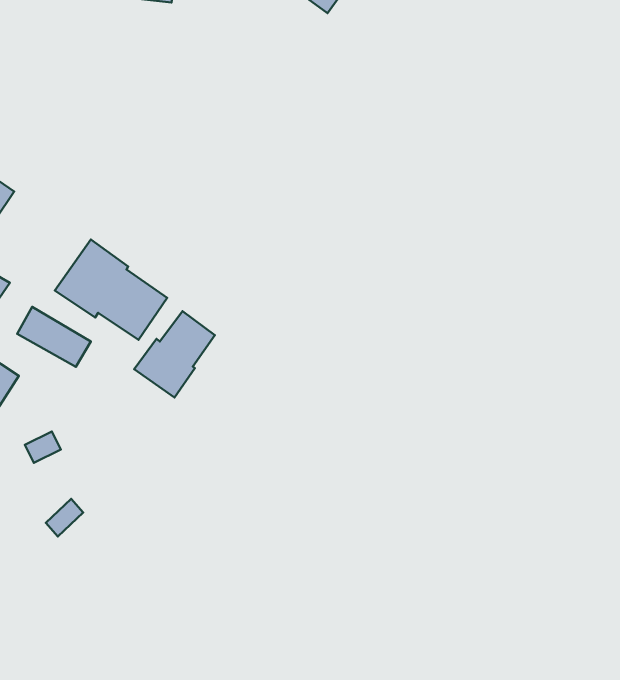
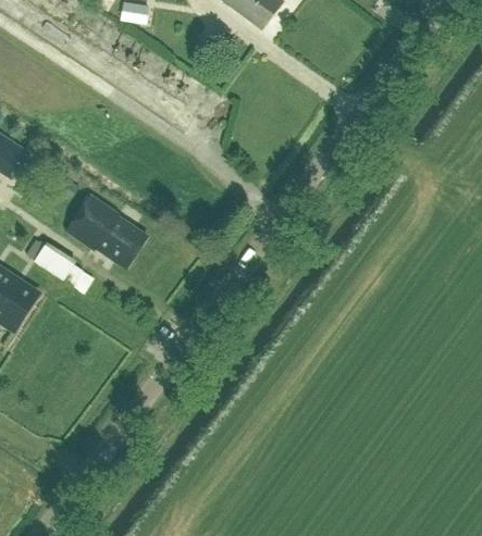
building: [134,311,215,398] -> none

